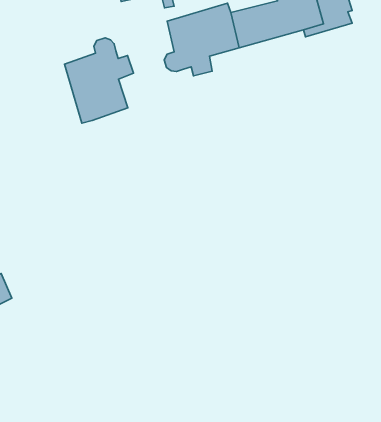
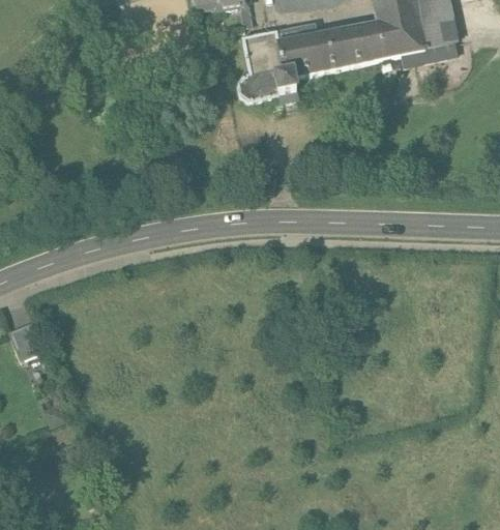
building: [64,38,133,123] -> none

